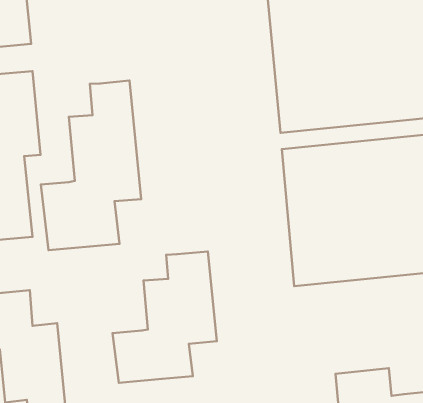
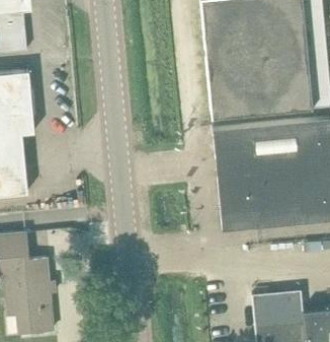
building: [41,81,141,250] -> none
building: [113,251,217,383] -> none

